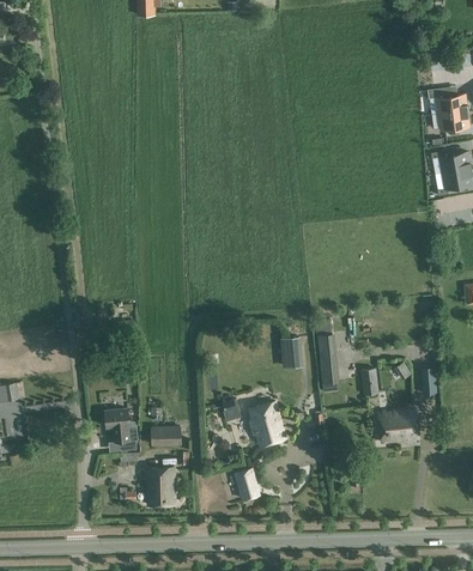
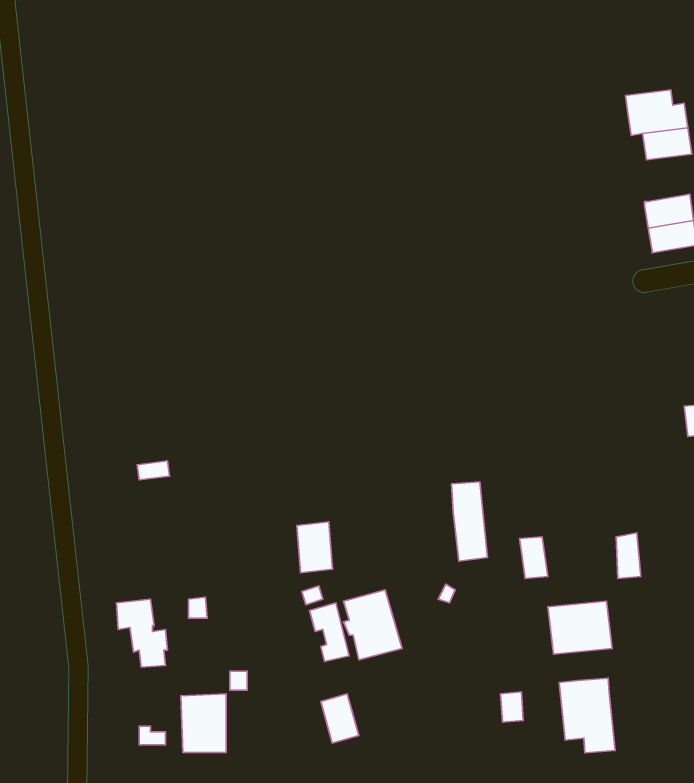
building: [280,335,303,367] -> [297,522,333,573]
building: [151,425,182,445] -> none
building: none -> [559,678,615,753]

